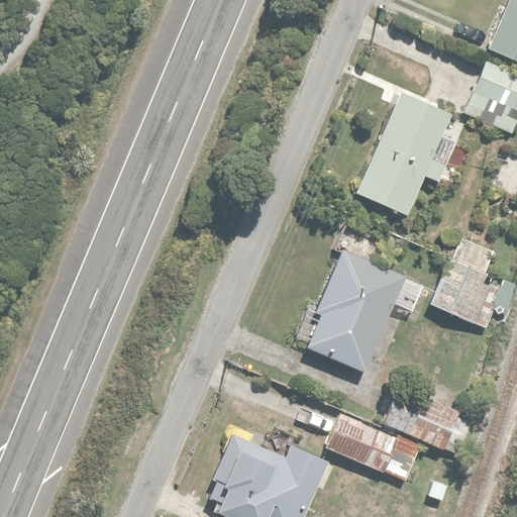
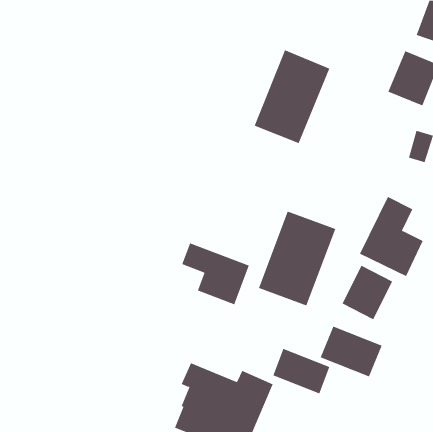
building: [360,100,450,211] -> [254,49,330,144]
building: none -> [182,243,250,305]
building: none -> [342,265,393,320]

